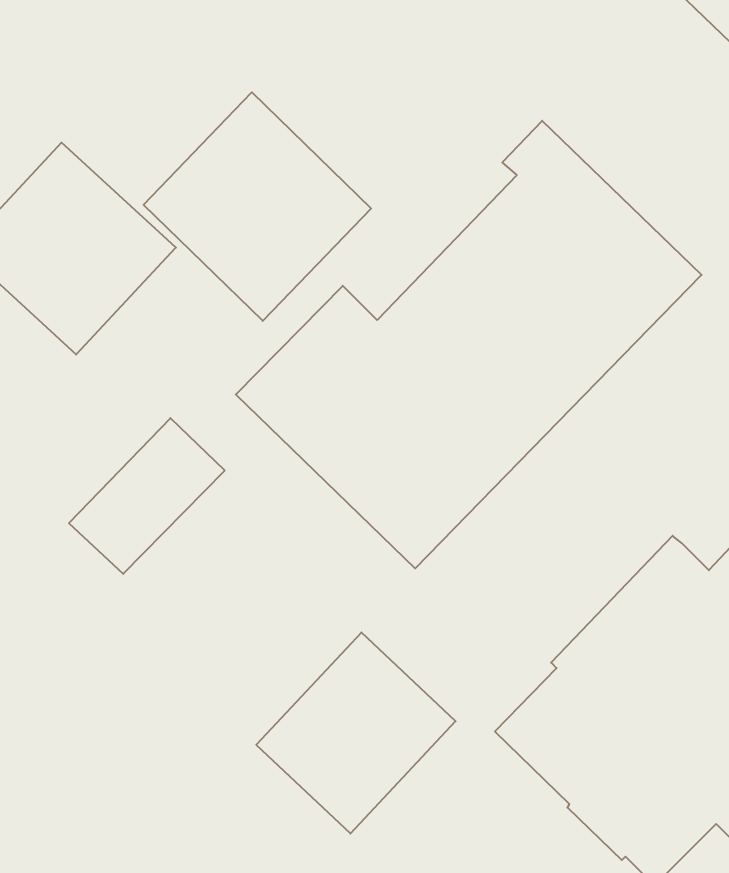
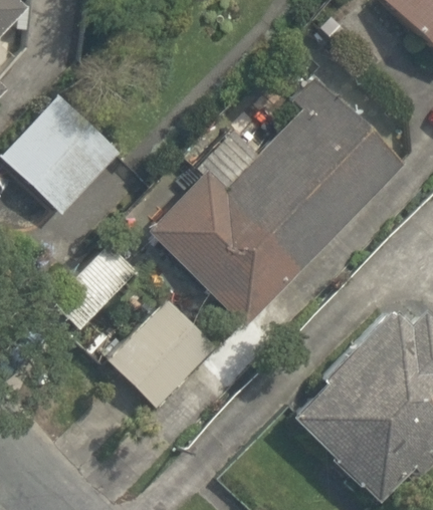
building: [144,92,371,321] -> none
building: [256,632,456,834] -> [110,298,220,410]

